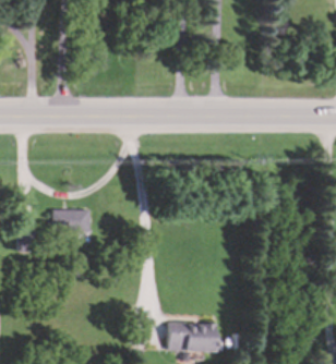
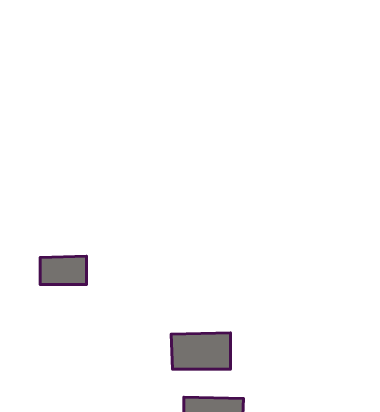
building: none -> [171,333,230,369]

